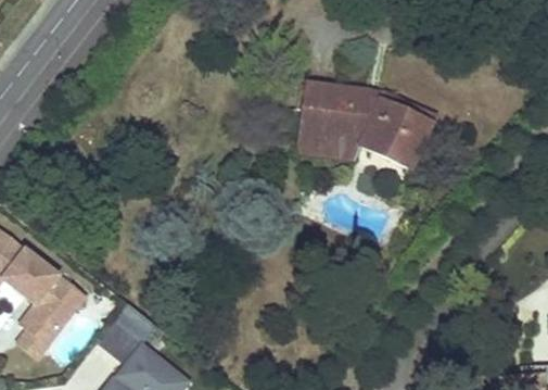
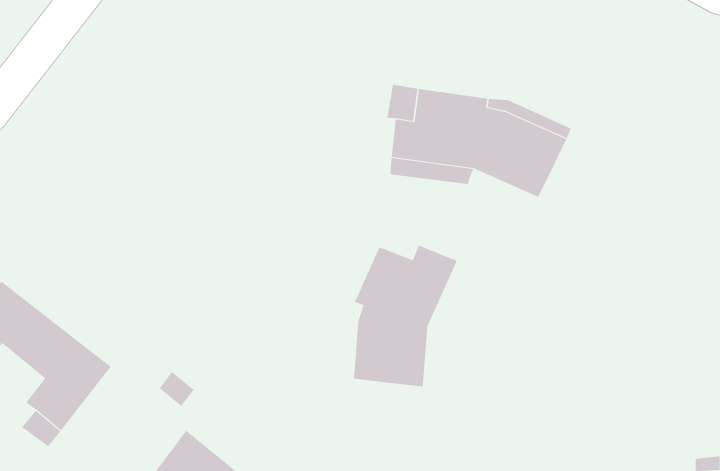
building: none -> [354,245,458,387]
building: [98,319,142,364] -> none

